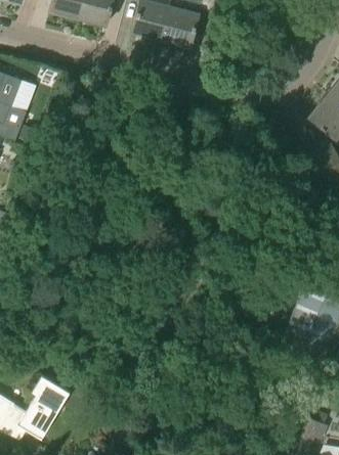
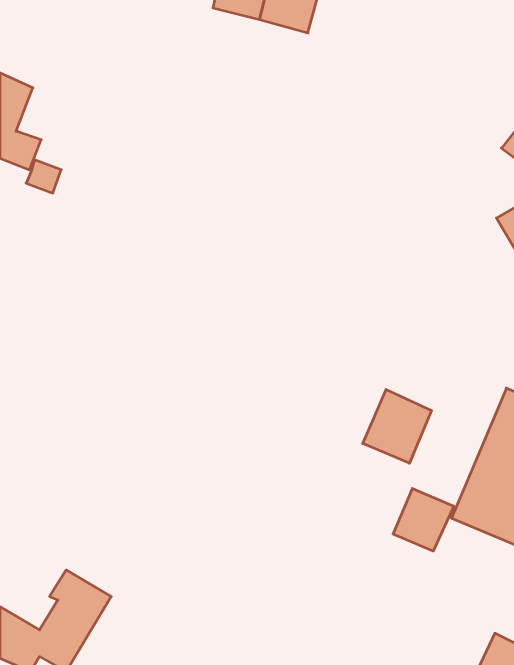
building: none -> [363,389,432,463]
building: none -> [393,488,454,551]

